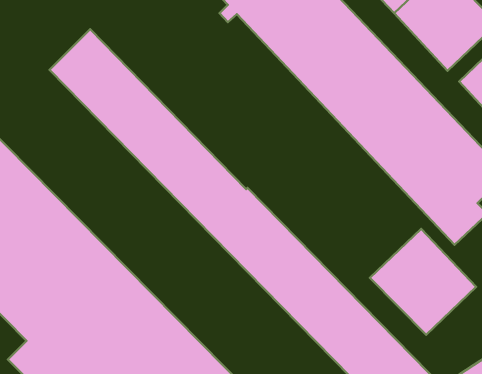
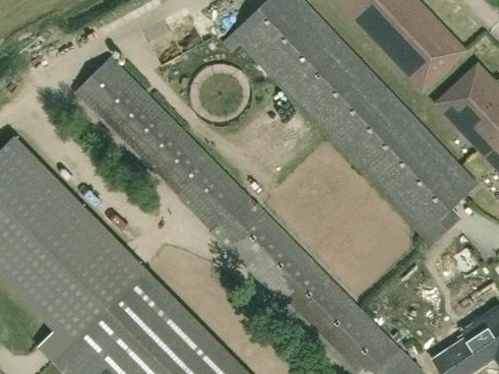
building: [370,229,476,335] -> none

